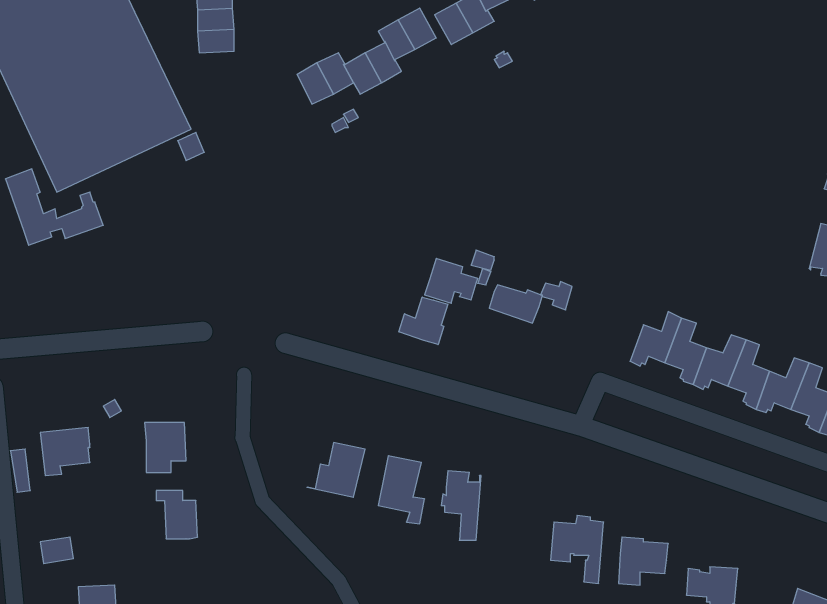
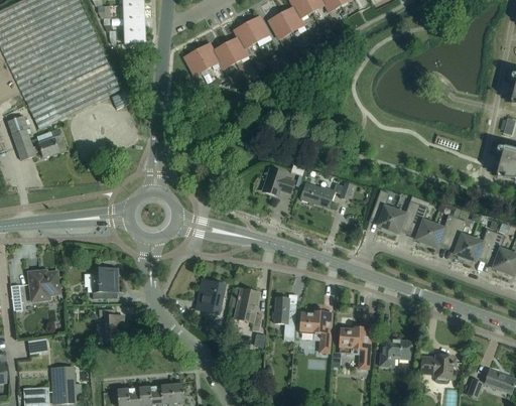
building: none -> [369,189,395,231]
building: [399,297,448,345] -> none
building: none -> [299,306,332,350]

